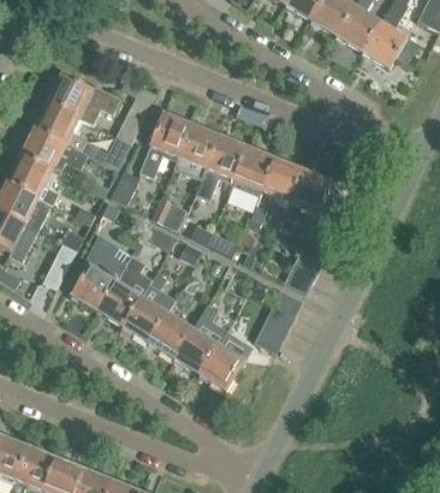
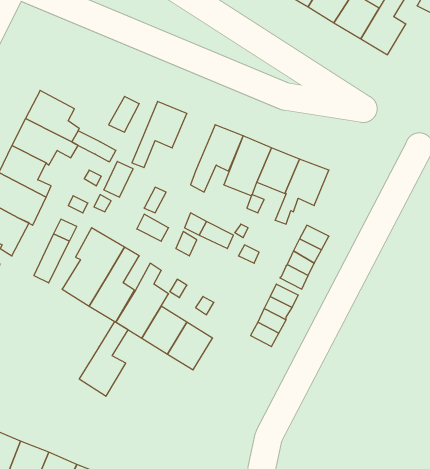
building: [48,75,121,125] -> none
building: [173,124,220,180] -> none
building: [198,319,246,392] -> [79,321,128,396]

